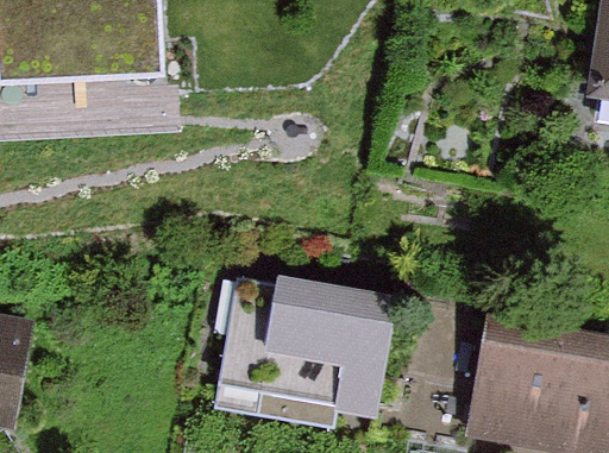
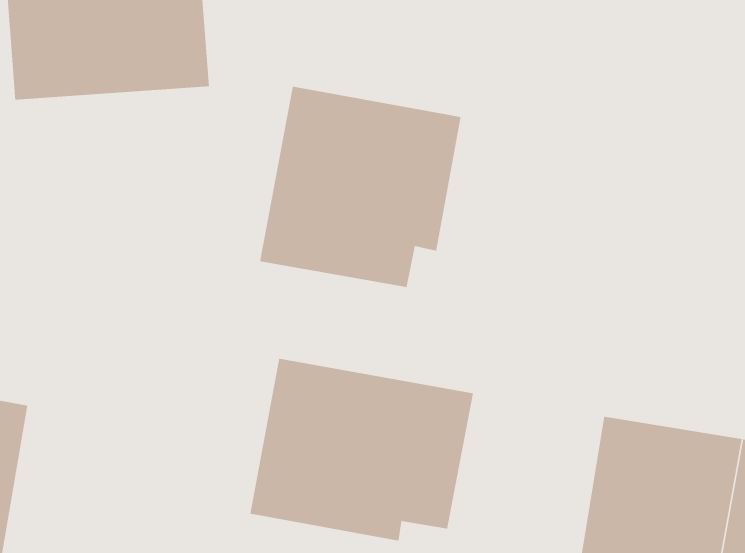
building: none -> [259,86,461,288]

